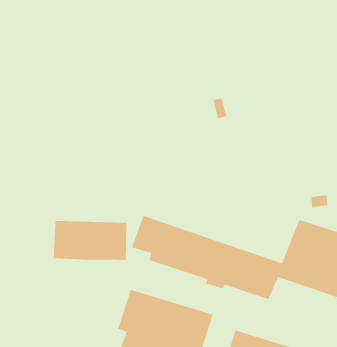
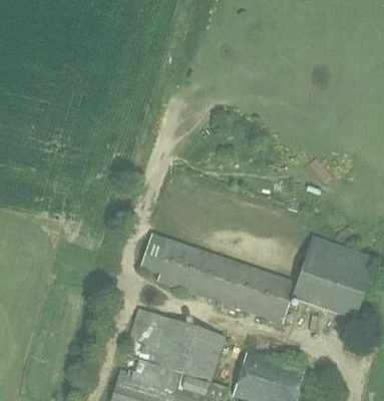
building: [53,220,127,261] -> none

